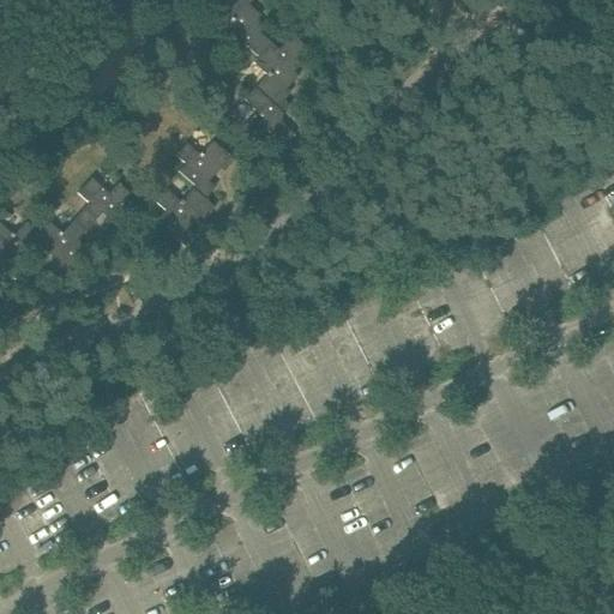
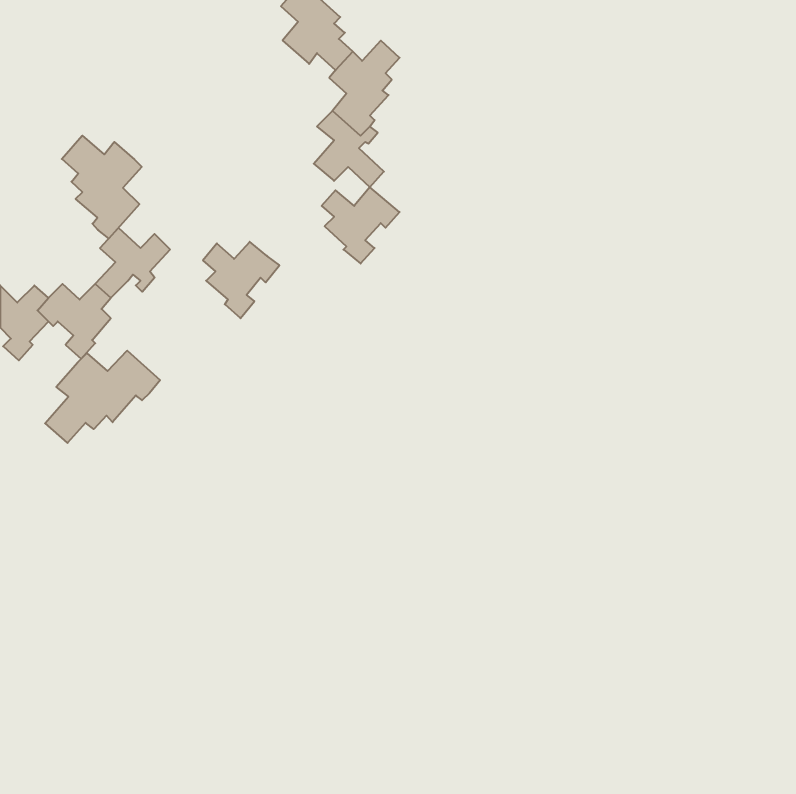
building: none -> [62,136,142,238]
building: [176,138,236,197] -> [322,187,400,264]
building: none -> [45,351,160,443]

